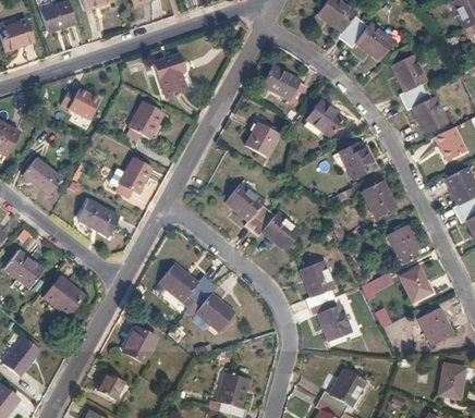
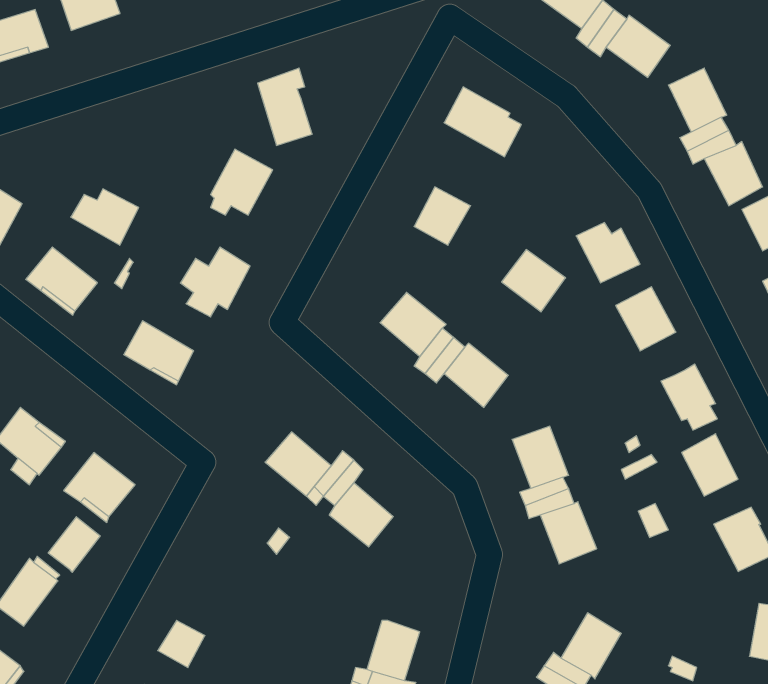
building: [60,87,99,120] -> [71,189,139,245]
building: [306,99,343,135] -> [502,250,566,312]
building: none -> [48,517,100,572]
building: [122,325,156,362] -> none

